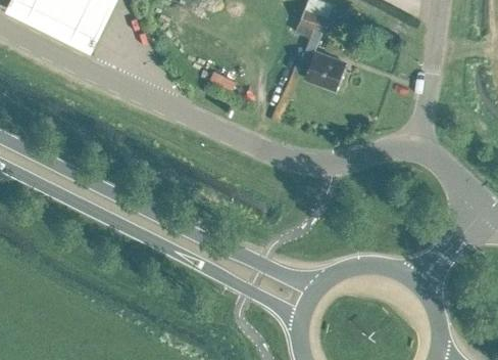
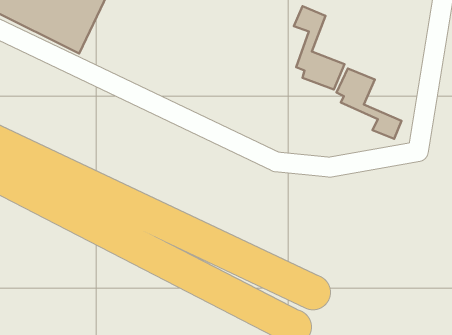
building: none -> [336,69,401,139]

